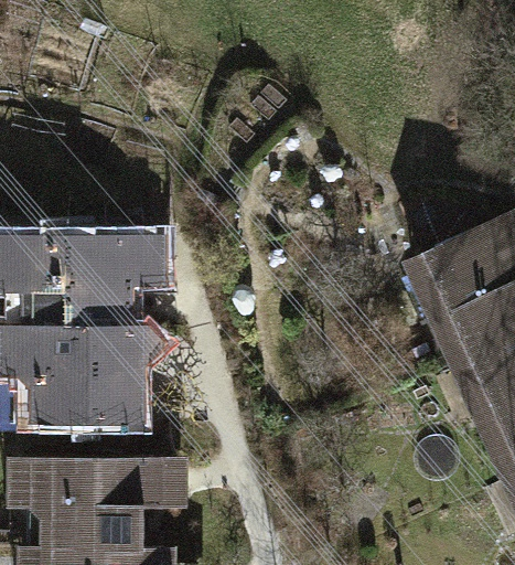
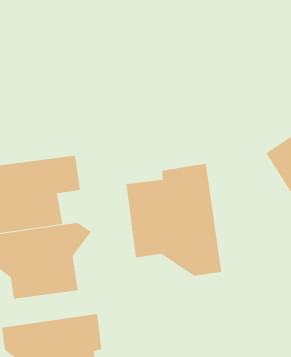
building: none -> [126,163,222,276]

